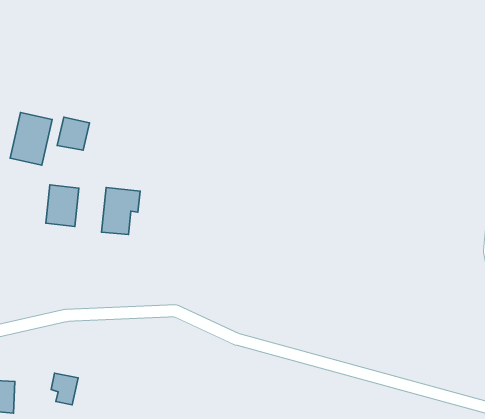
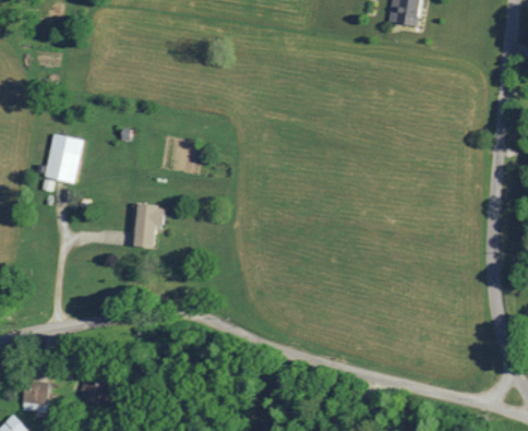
building: [57,117,89,150] -> none
building: [46,185,79,227] -> none

